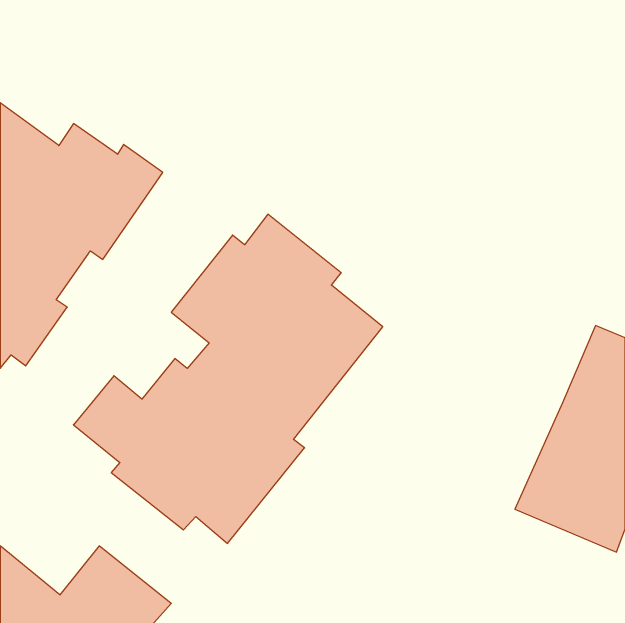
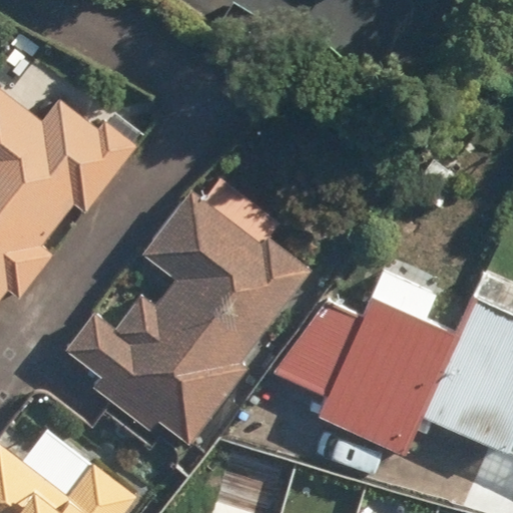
building: none -> [270,271,461,456]

